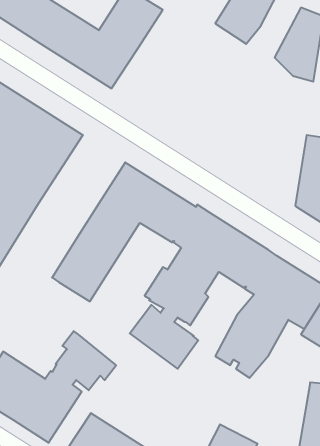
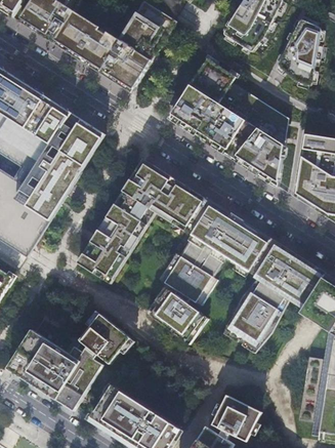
building: none -> [169,58,287,186]

